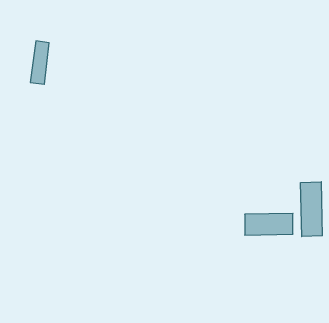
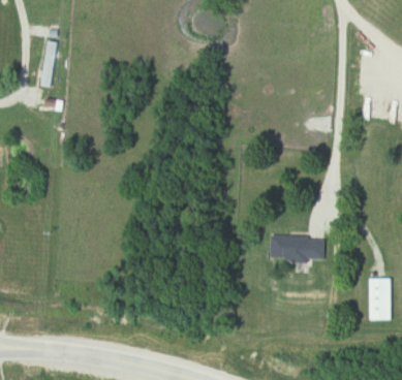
building: [301,182,322,237] -> none

